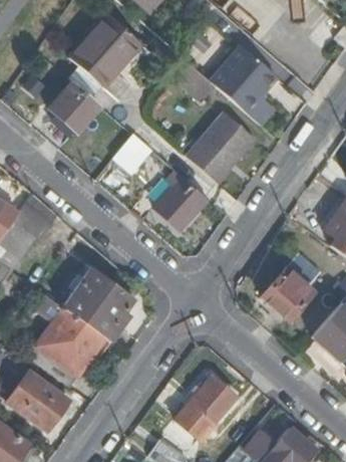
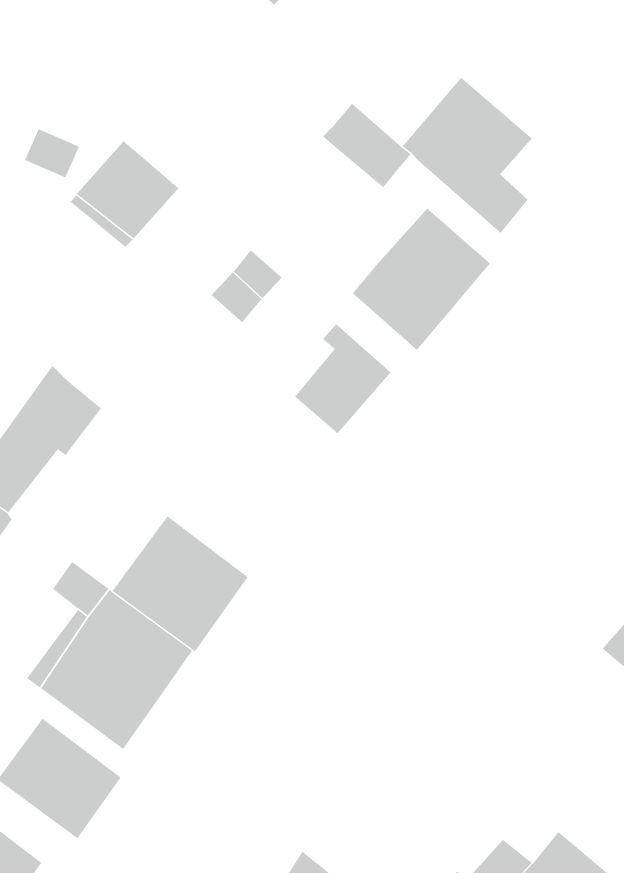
building: [70,13,142,86] -> none
building: [263,266,316,319] -> none
building: [177,377,239,441] -> none

